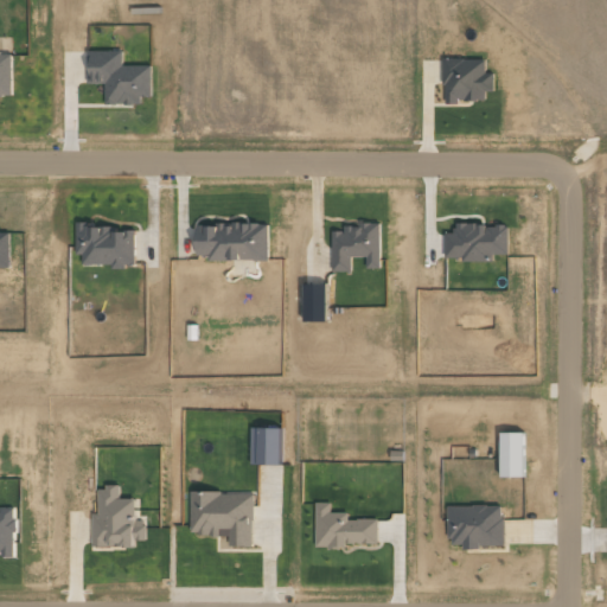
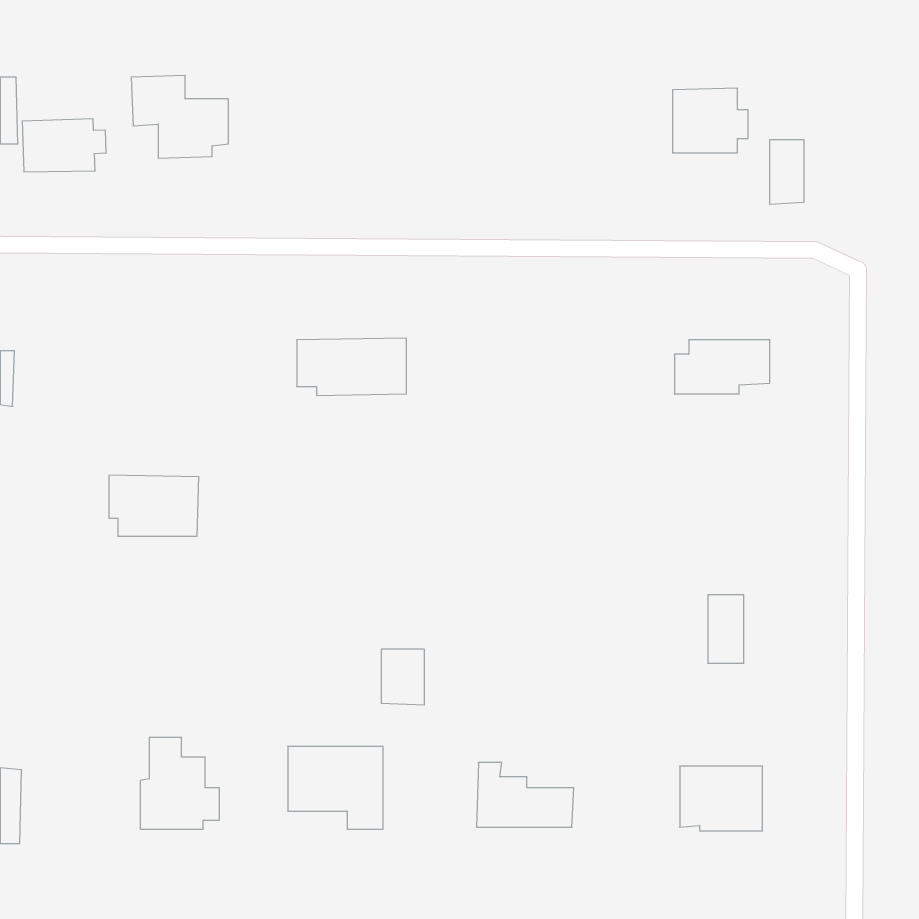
building: none -> [22,119,106,172]
building: none -> [770,140,804,204]
building: [332,224,379,271] -> none
building: [76,225,135,266] -> [109,475,199,536]
building: [499,432,523,477] -> [708,595,744,663]

